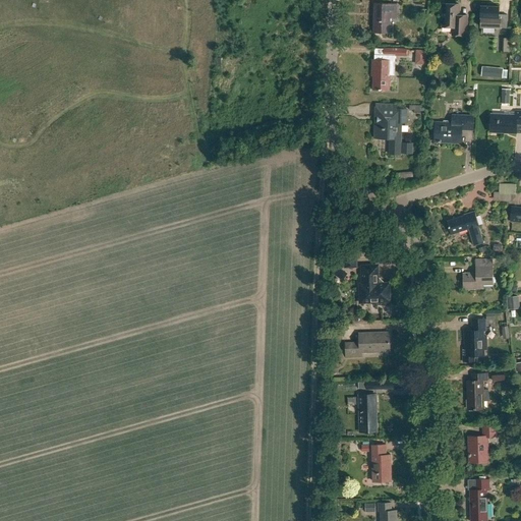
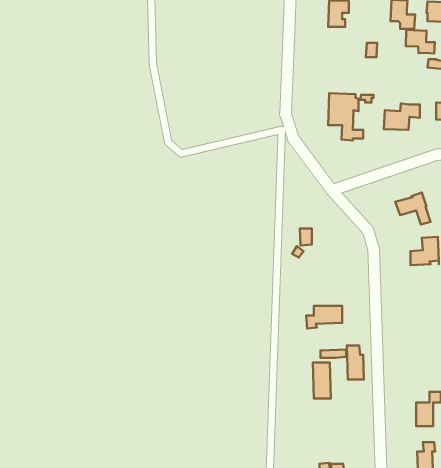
building: none -> [406,30,435,54]
building: [372,48,407,90] -> none
building: [360,266,389,302] -> none
building: [463,319,486,361] -> none
building: [467,373,488,409] -> none
building: [372,445,391,481] -> [347,345,364,379]

